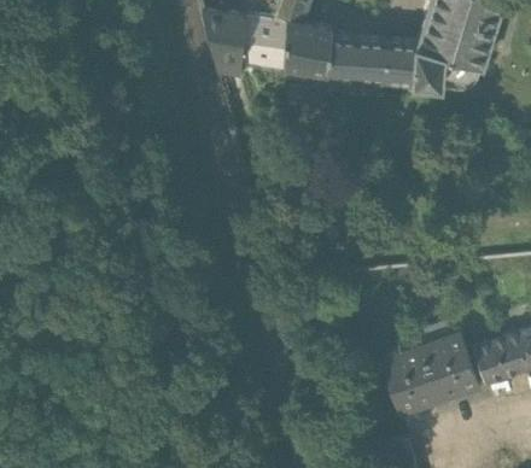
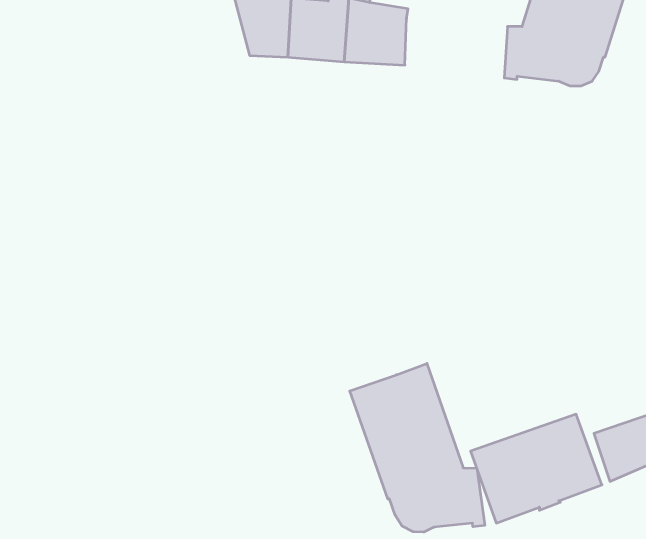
building: [331,40,408,84] -> none
building: none -> [350,363,485,532]

